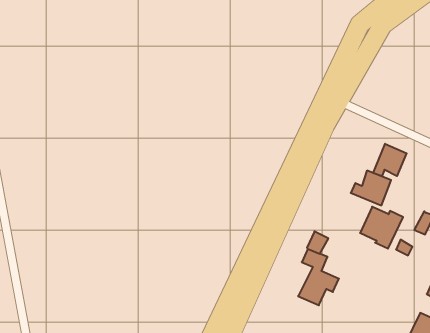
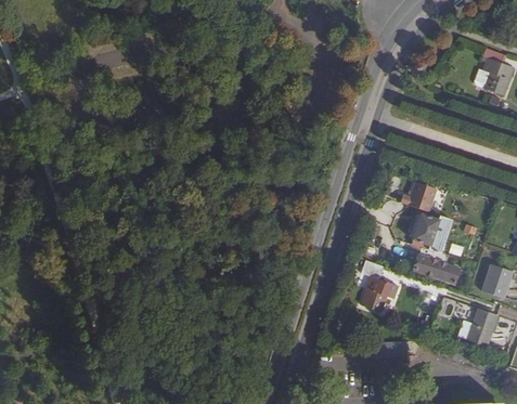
building: [373,144,407,176] -> none
building: none -> [414,248,461,284]

